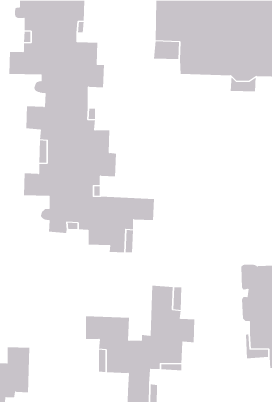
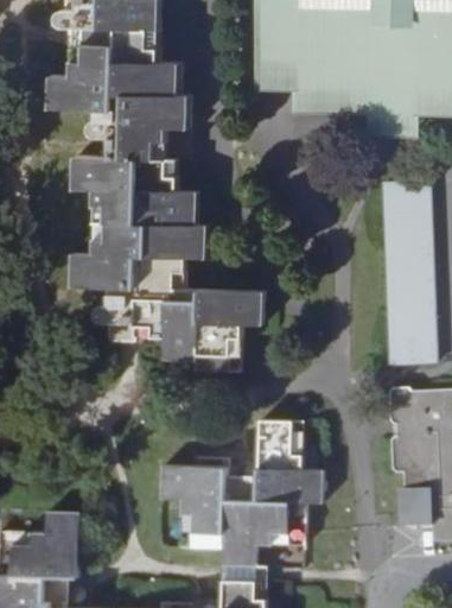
building: none -> [383,185,432,369]

